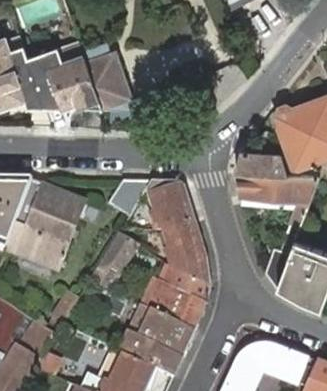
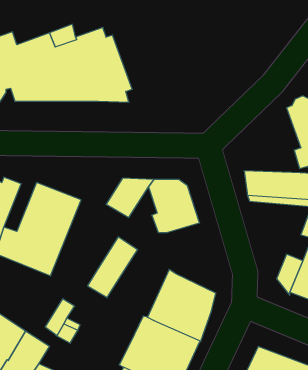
building: [234,150,286,175] -> none
building: [163,221,208,286] -> none

